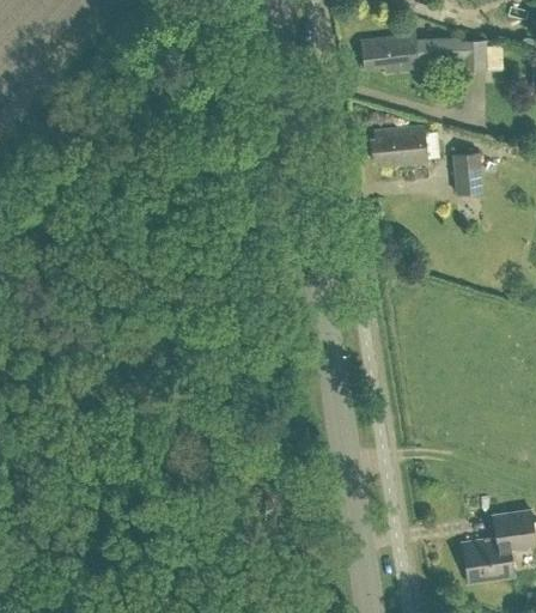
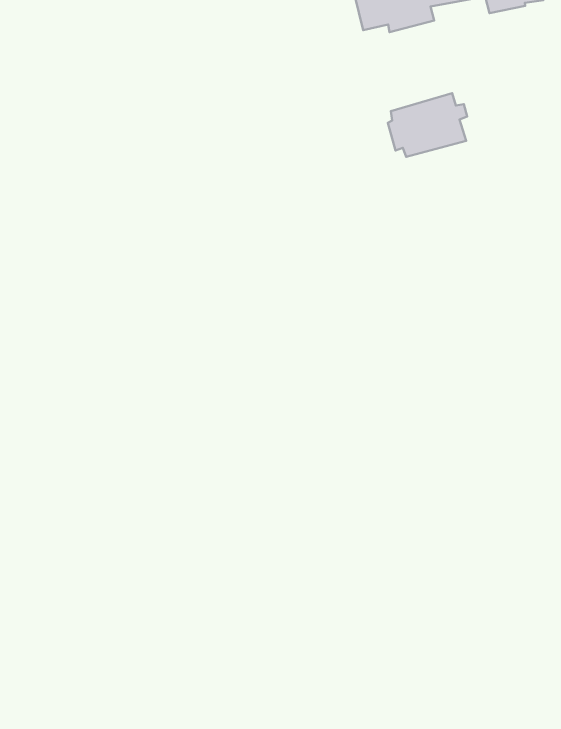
building: [451,151,483,194] -> none

